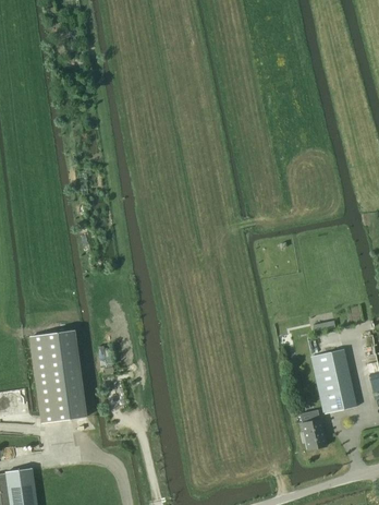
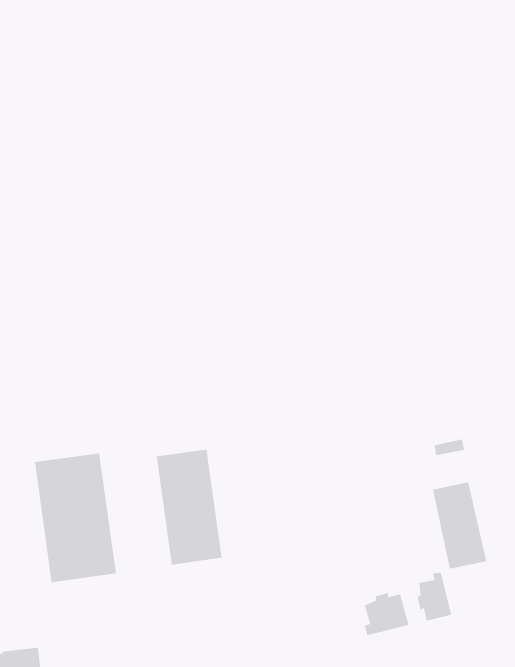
building: none -> [156,449,222,565]
building: none -> [364,592,409,636]

